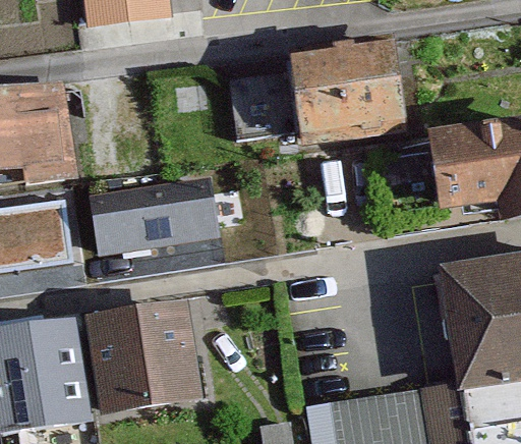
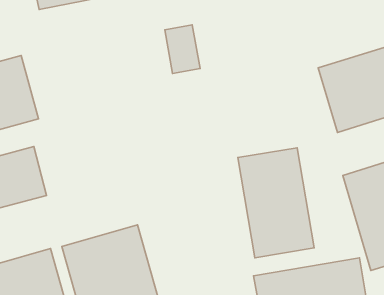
building: [298,58,410,148] -> none
building: [88,171,217,248] -> none
building: none -> [238,148,314,258]

